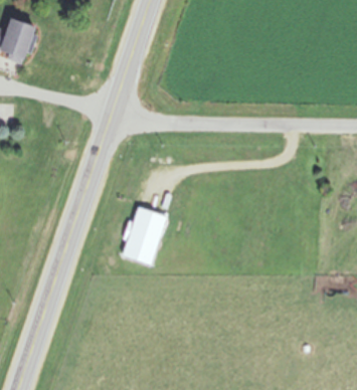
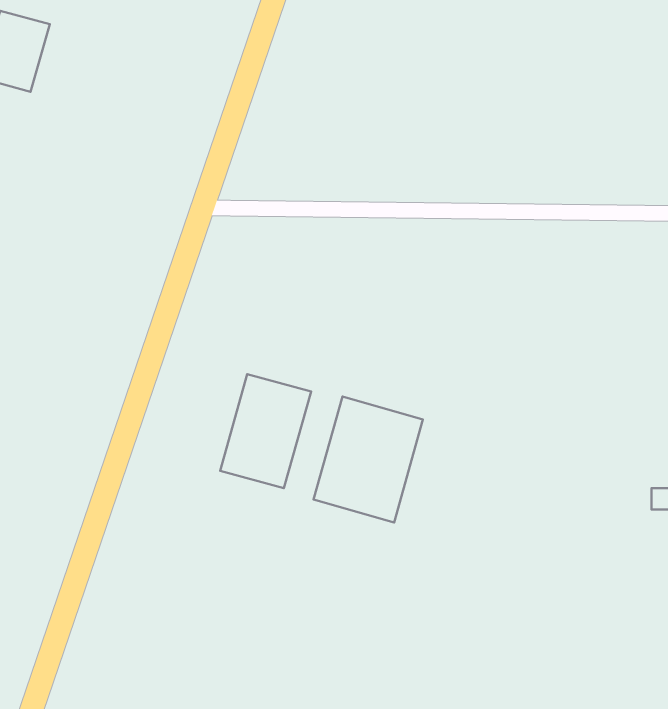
building: none -> [314,397,423,522]

